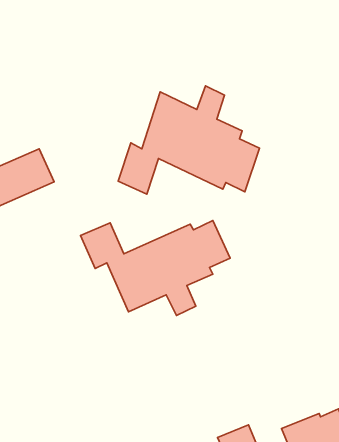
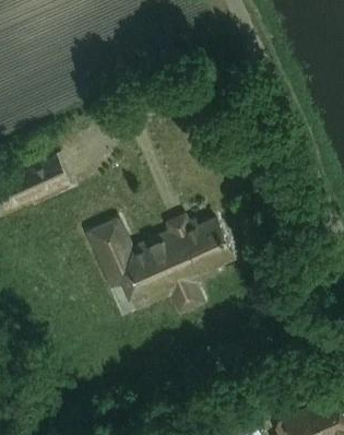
building: [118,86,259,194] -> none

